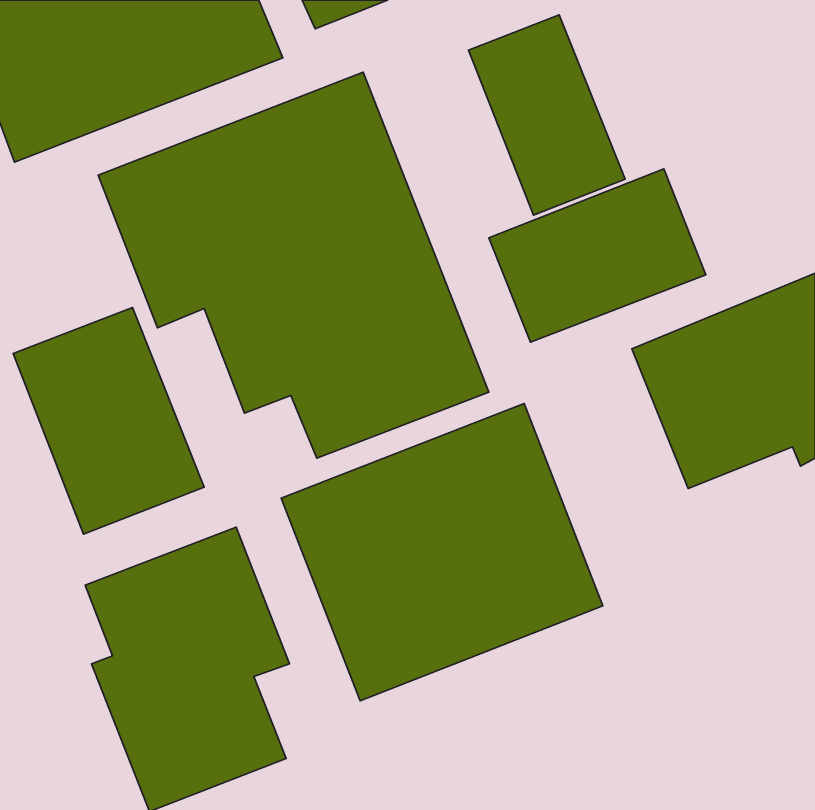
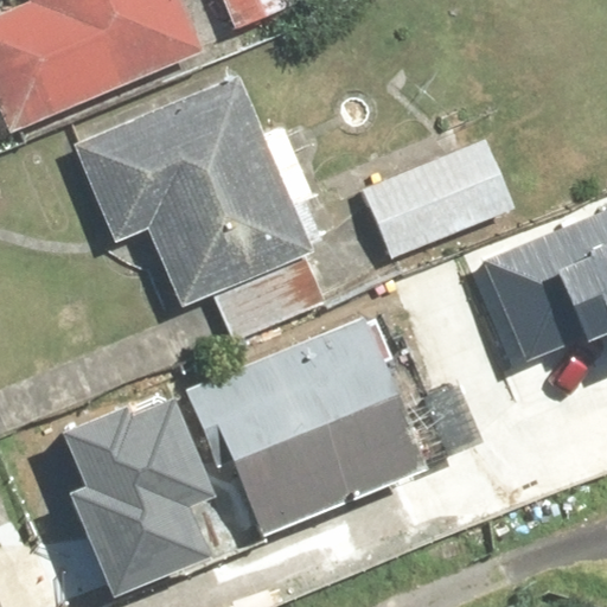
building: [468,15,625,215] -> none
building: [13,308,204,534] -> none

